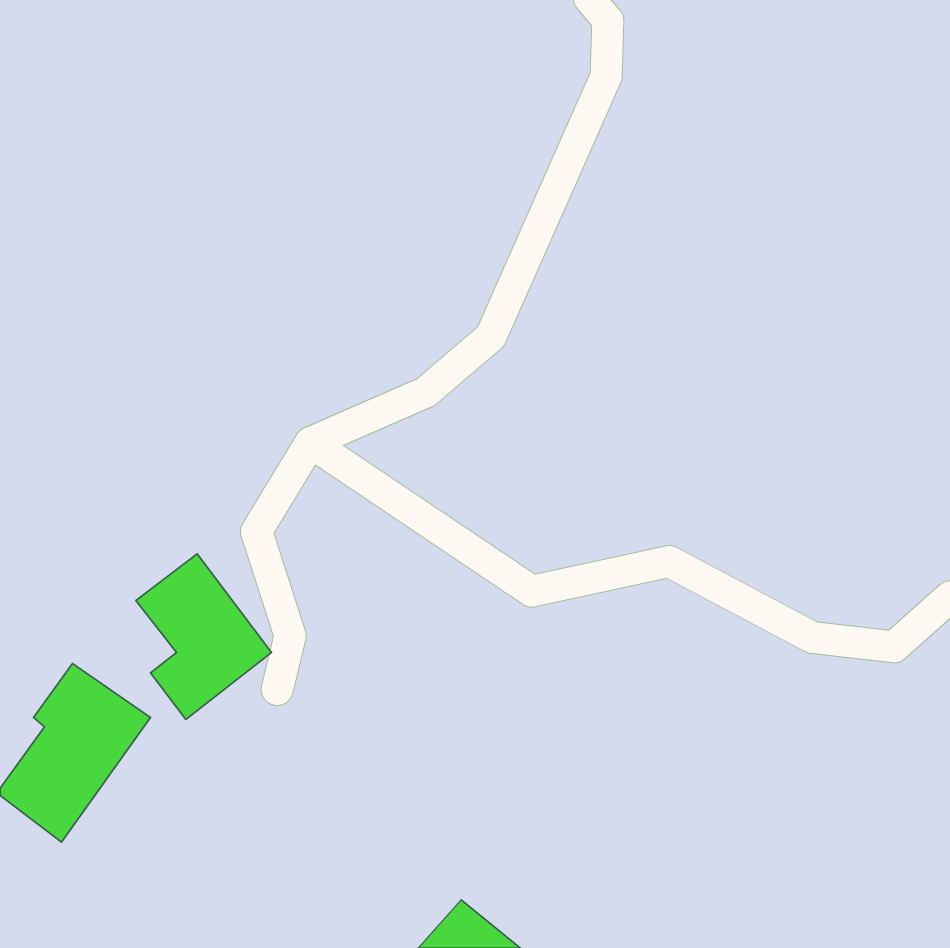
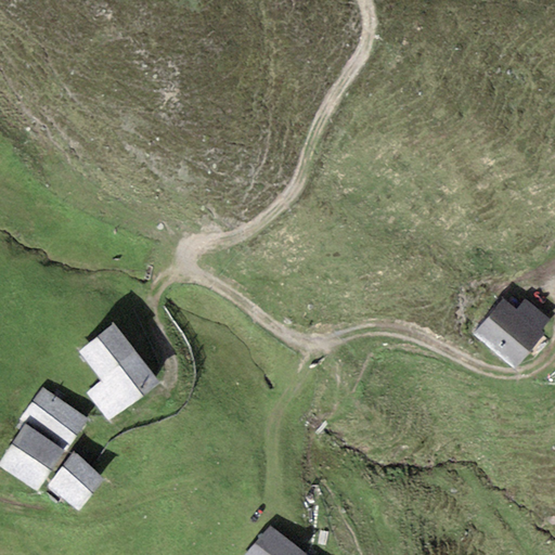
building: none -> [473,298,550,369]
building: none -> [48,452,103,509]

